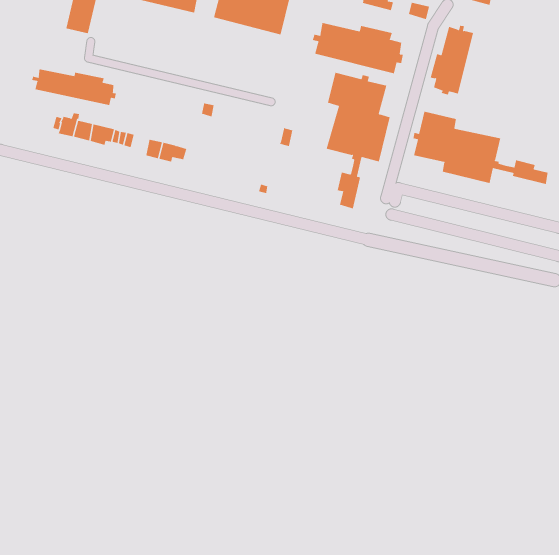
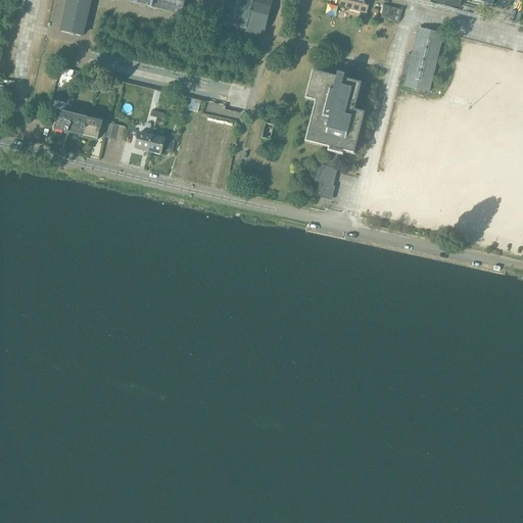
building: [312,22,403,74] -> none
building: [32,68,116,106] -> none
building: [413,111,548,185] -> none

